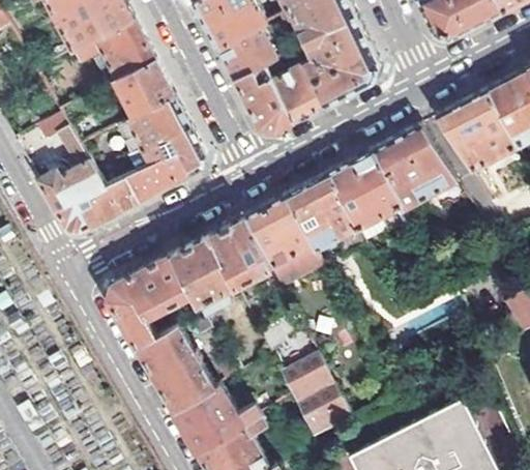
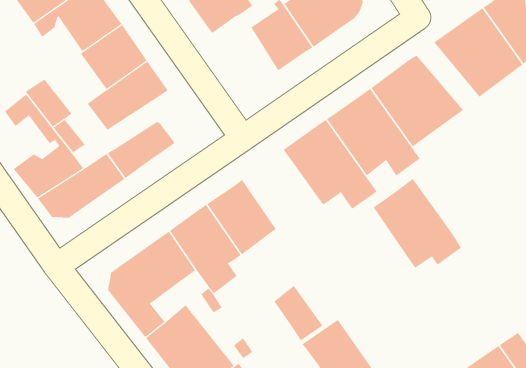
building: [235,69,291,133] -> none
building: [123,128,204,177] -> none
building: [245,197,322,280] -> [373,178,462,269]

